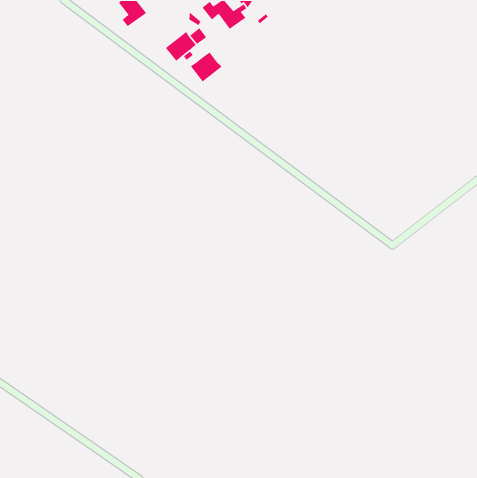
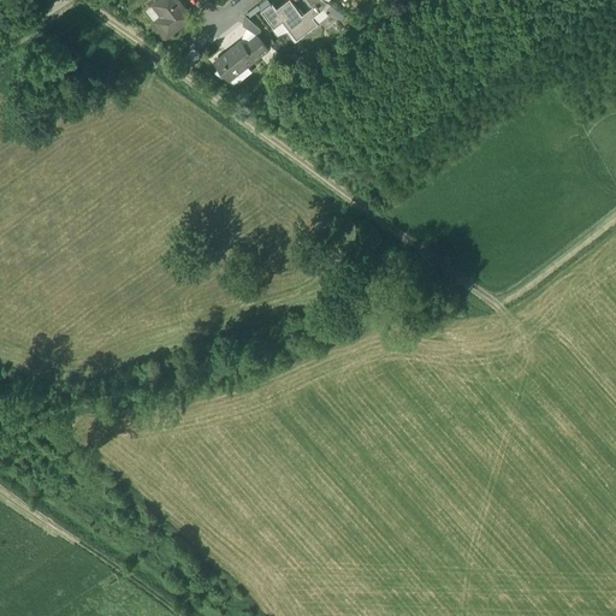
building: [190,51,223,83] -> none

